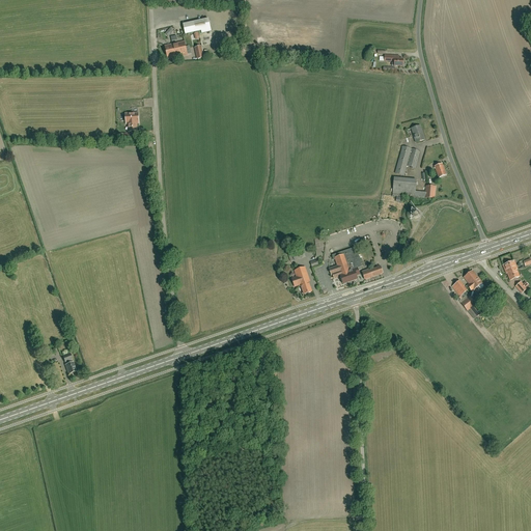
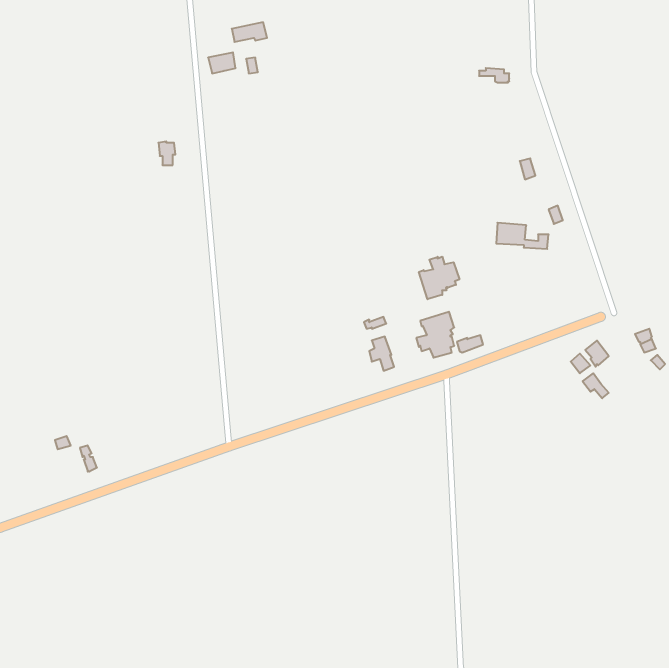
building: [395,145,420,175] -> none
building: none -> [419,257,459,299]

